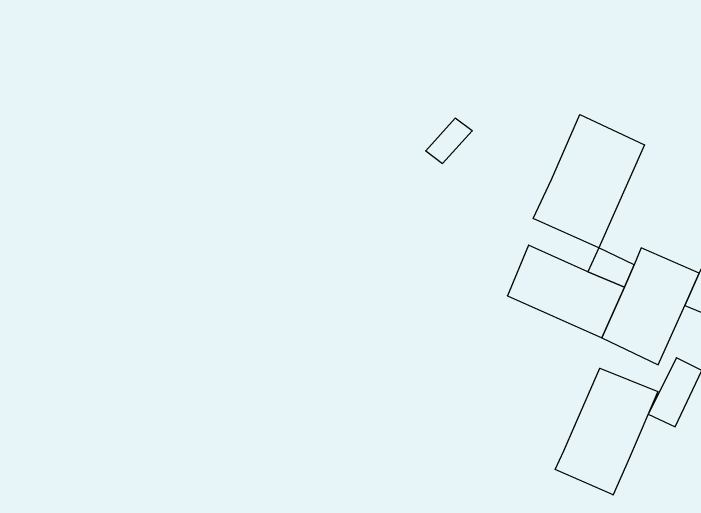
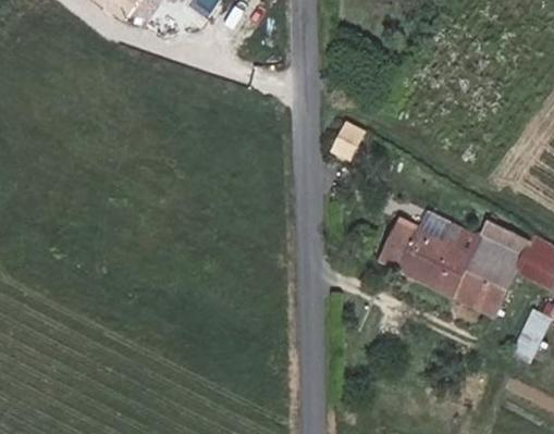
building: [533,115,644,248] -> none
building: [555,368,658,495] -> none

